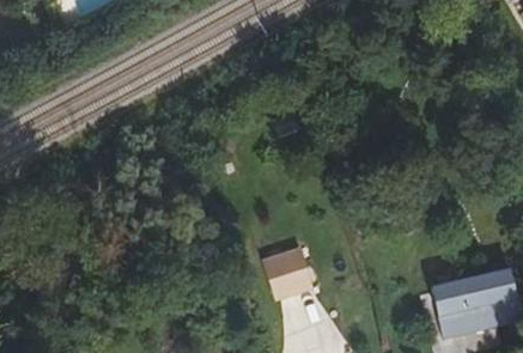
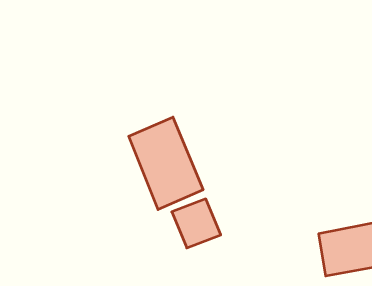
building: none -> [129,117,203,210]

